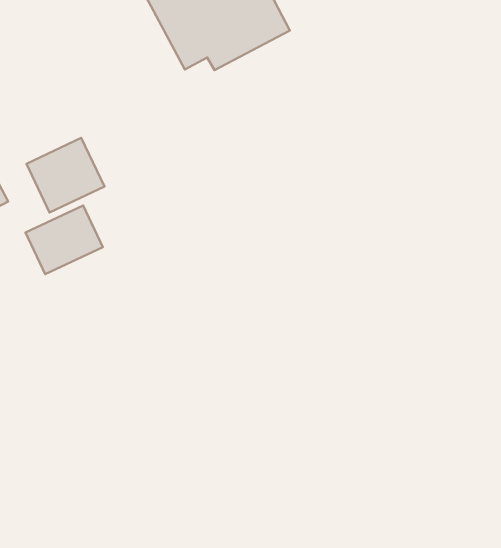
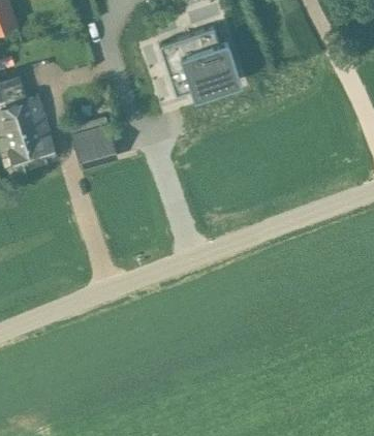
building: [25,205,103,274] -> none

